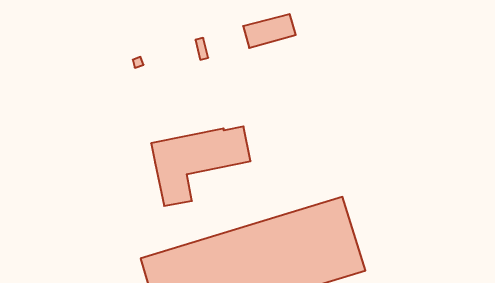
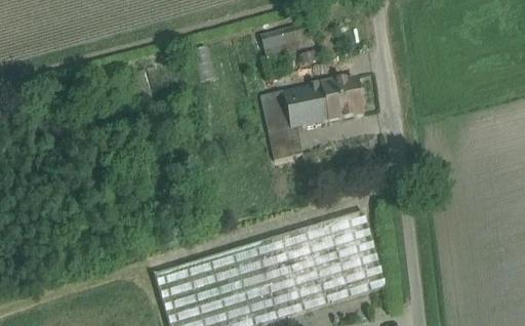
building: [151,126,251,206] -> [260,76,363,158]

